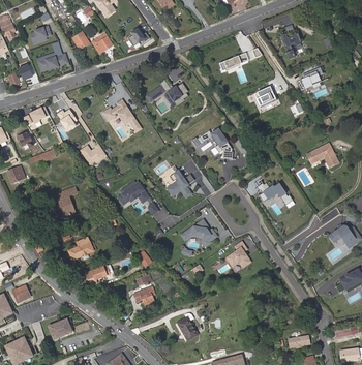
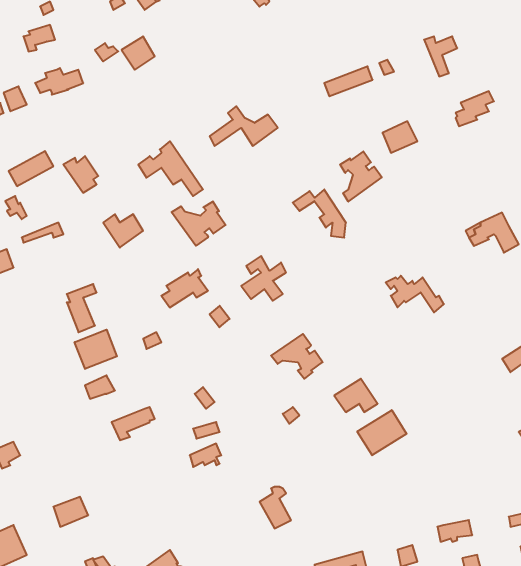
building: none -> [340,151,382,202]
building: none -> [172,201,226,246]
building: none -> [75,330,117,369]
building: none -> [357,410,407,455]

